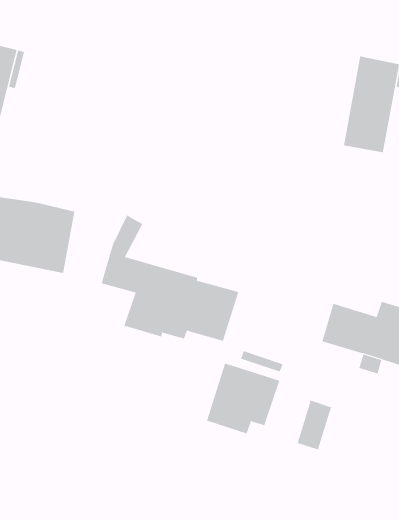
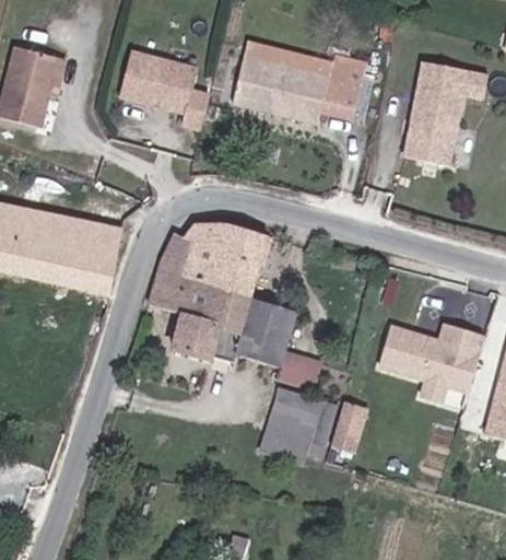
building: none -> [233,42,366,122]
building: none -> [120,50,210,127]
building: none -> [174,222,268,296]
building: [297,400,332,450] -> [330,398,367,452]

